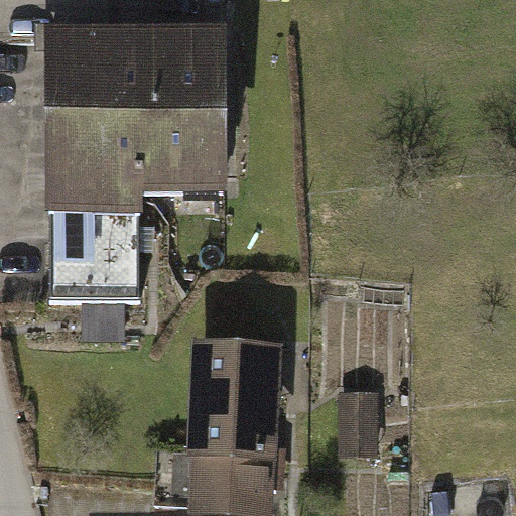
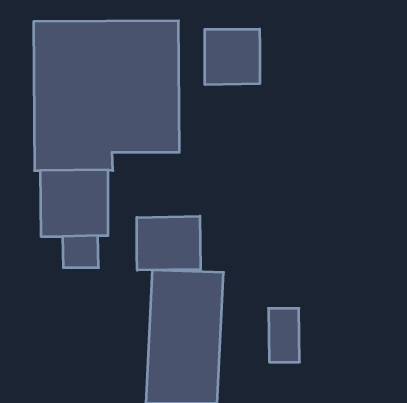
building: none -> [205,29,260,85]
building: none -> [137,216,200,270]

